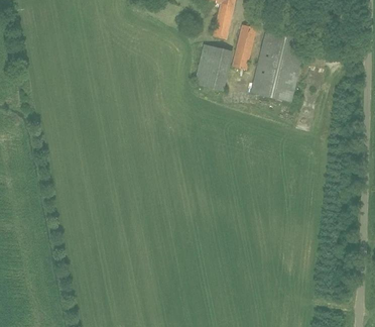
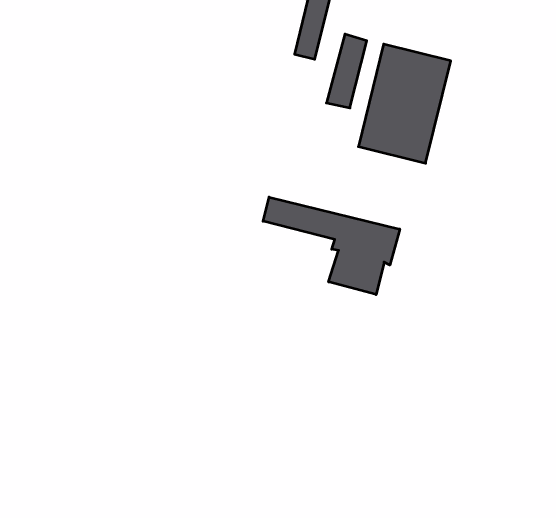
building: [194,44,233,91] -> none
building: none -> [263,197,400,295]

